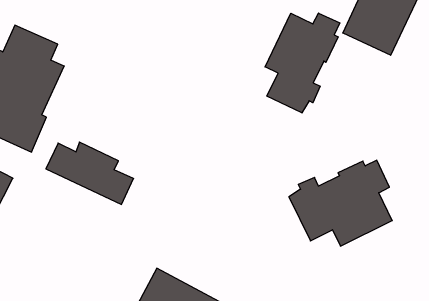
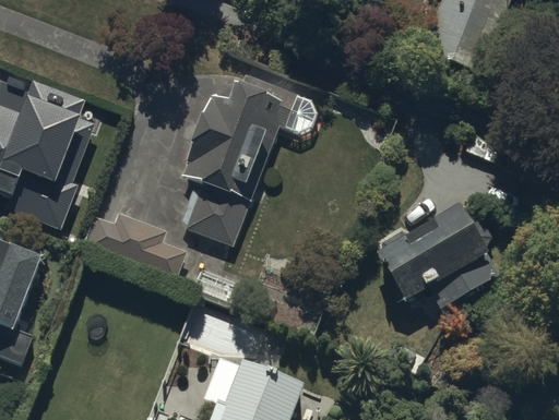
building: [265,13,340,113] -> none
building: none -> [179,75,317,243]

